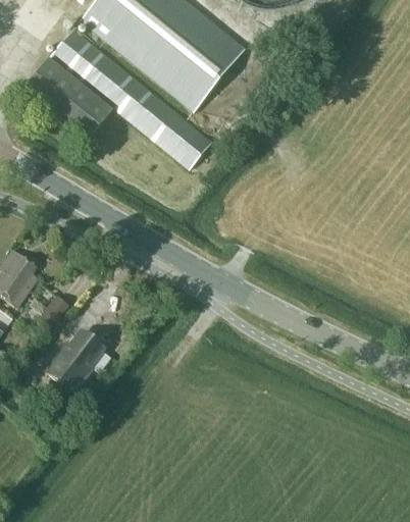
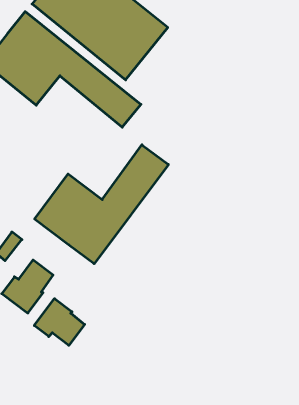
building: none -> [35,145,168,264]
building: none -> [34,299,85,345]

